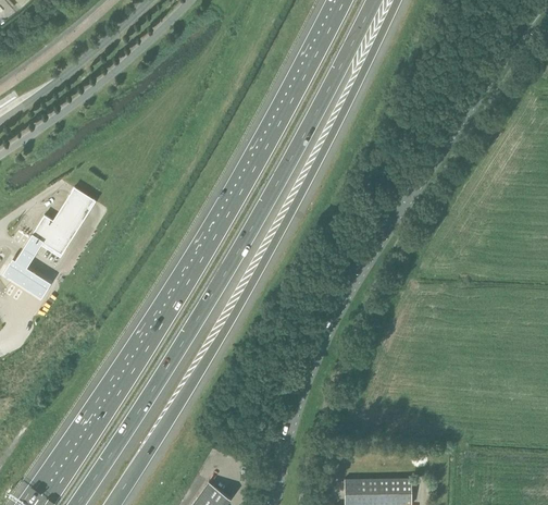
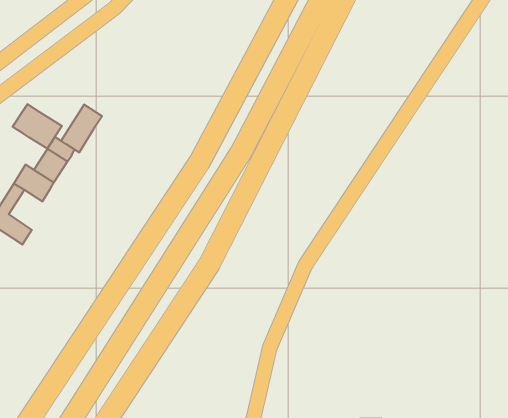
building: none -> [13,104,62,149]
building: none -> [61,104,102,153]

